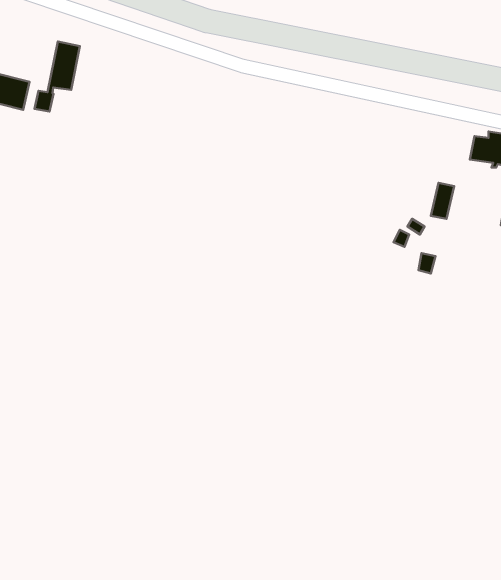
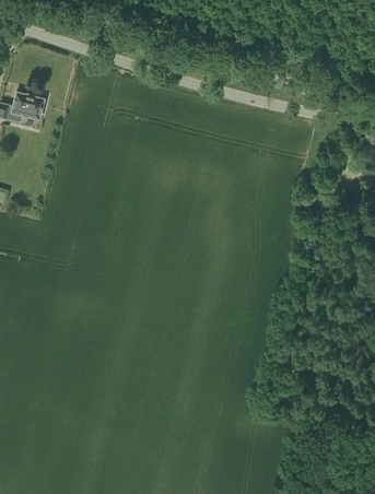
building: [34,41,80,112] -> none

